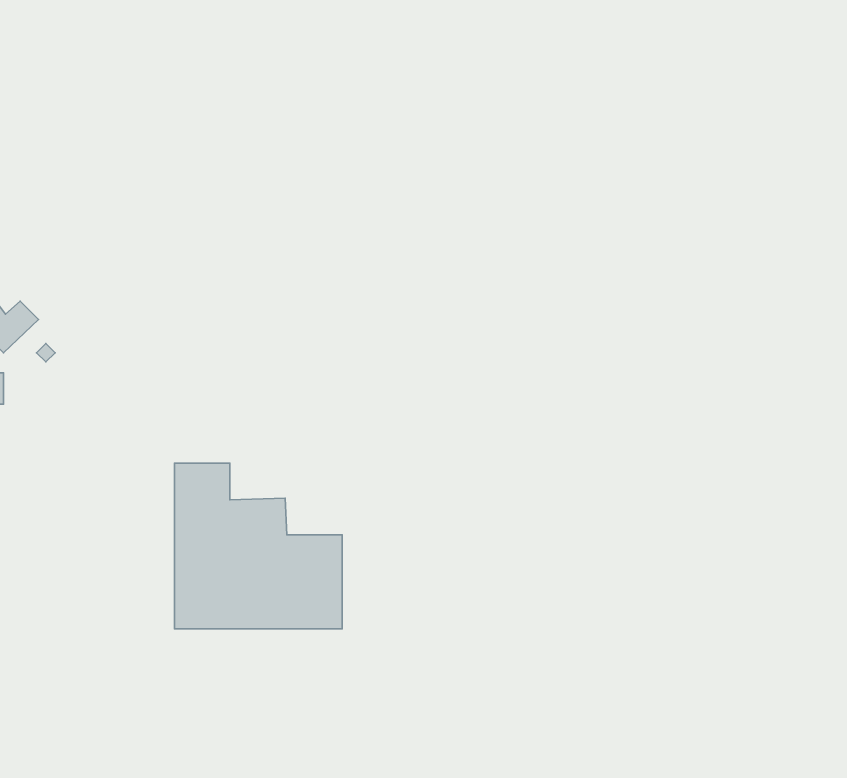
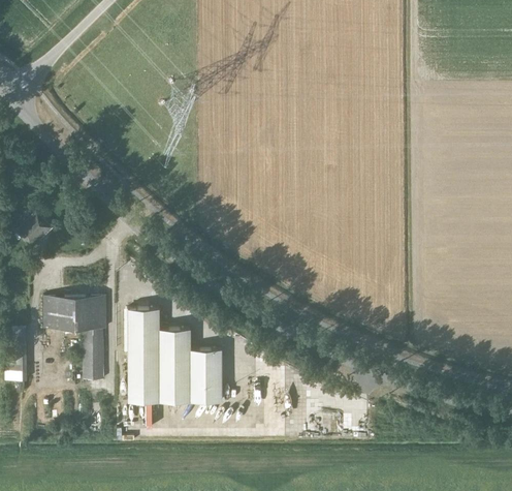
building: none -> [43,297,105,380]

